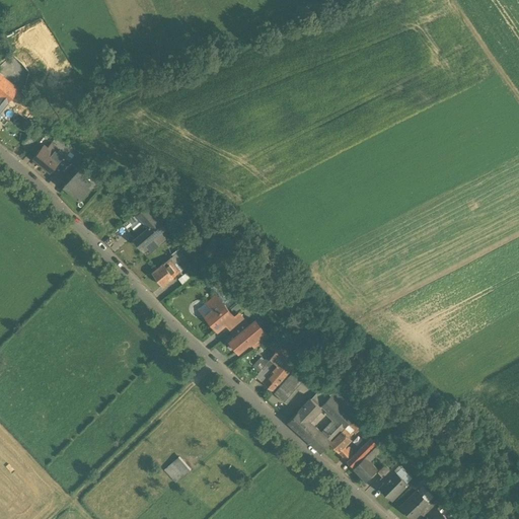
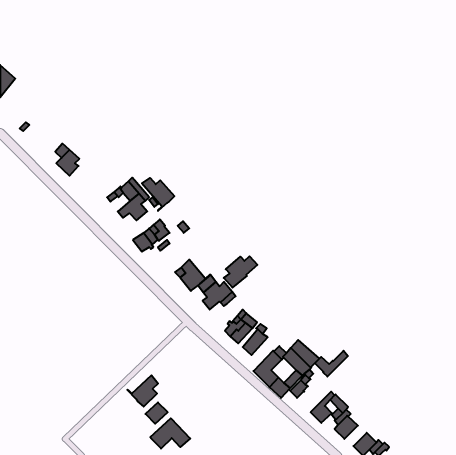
building: [32,145,65,173] -> none
building: none -> [142,178,174,211]
building: none -> [224,256,257,288]
building: none -> [127,375,158,407]
building: [338,439,375,468] -> [315,351,348,377]
building: none -> [150,418,190,449]

